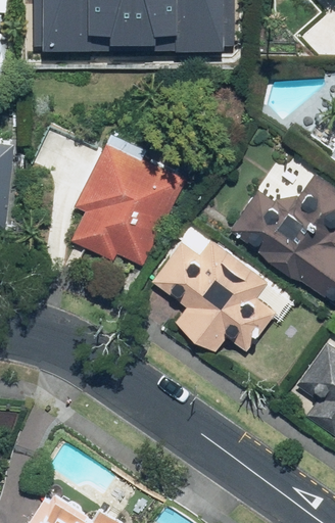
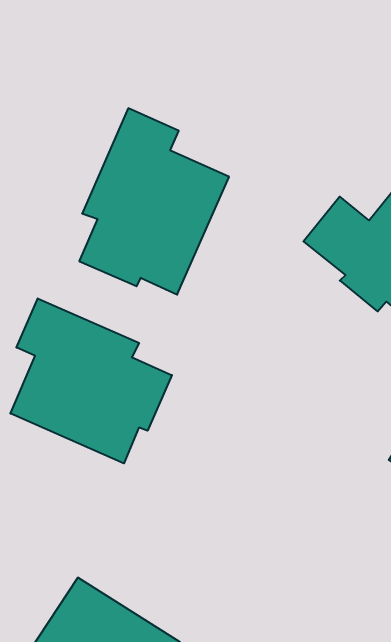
building: [154,241,278,354] -> none
building: none -> [10,298,172,463]

